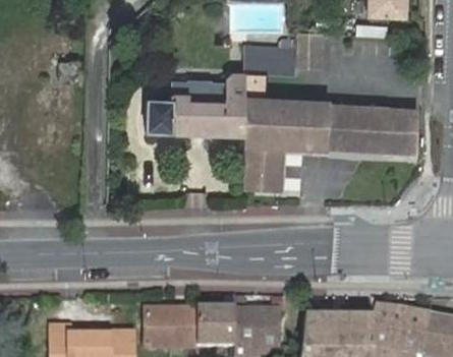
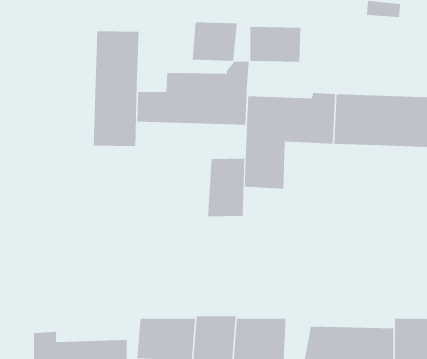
building: none -> [192,22,238,62]
building: none -> [93,30,139,147]
building: none -> [207,158,245,217]

